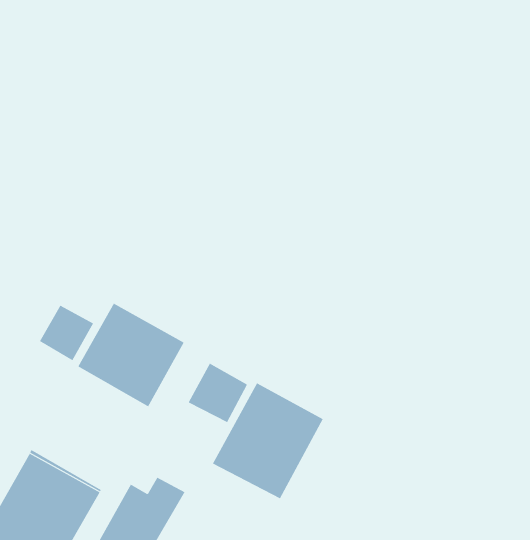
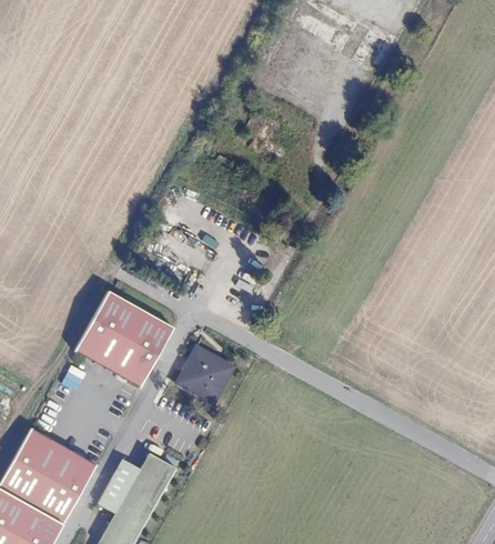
building: [39,305,94,361] -> none
building: [212,382,324,499] -> none

